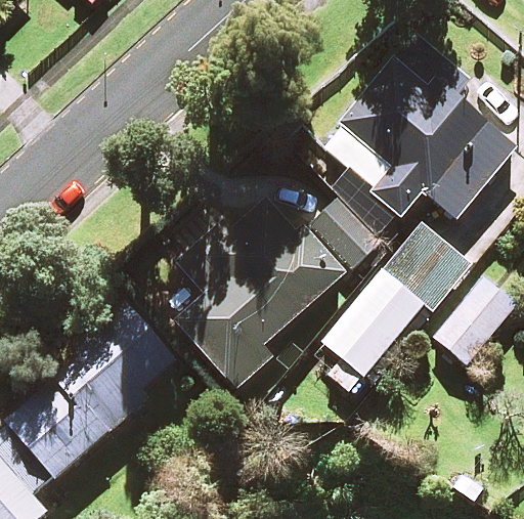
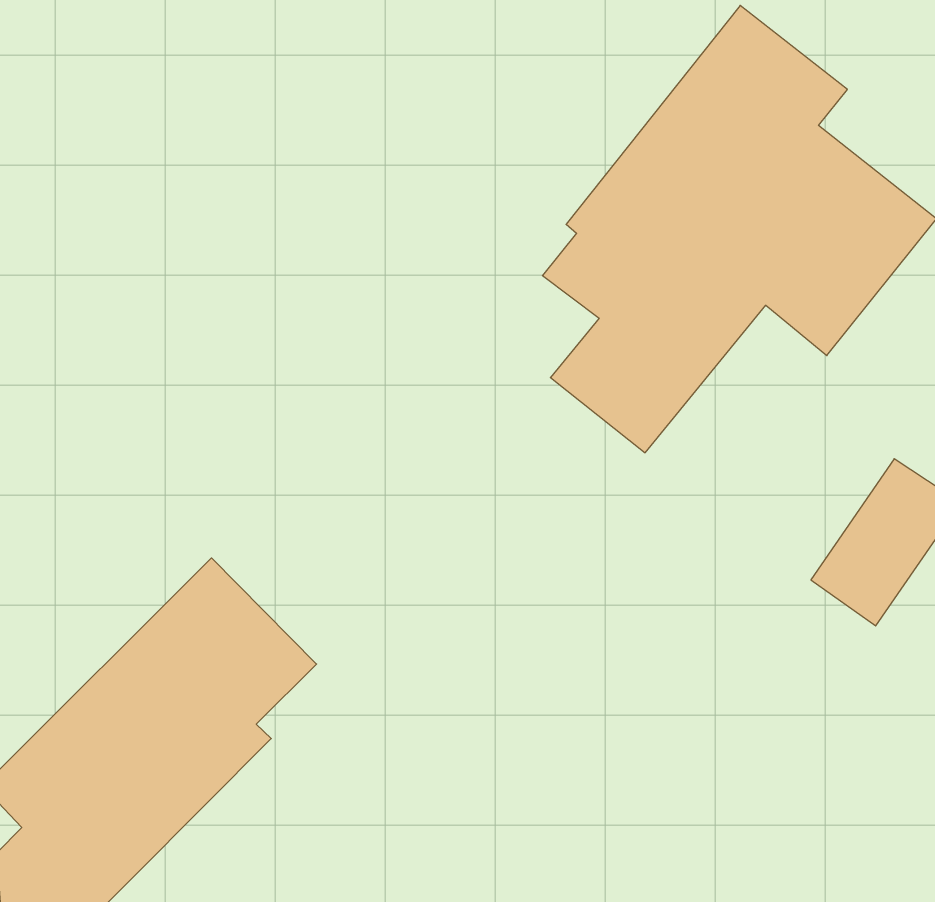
building: [158,207,347,386] -> none
building: [320,221,472,392] -> none

